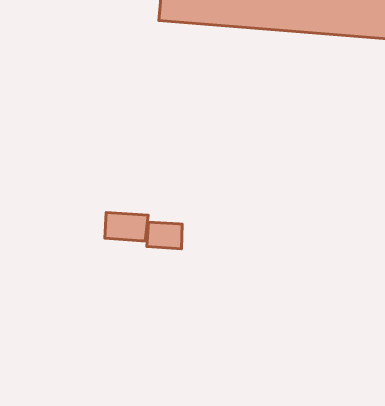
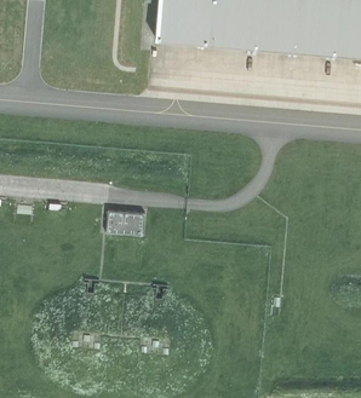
building: [147,222,182,249] -> none

